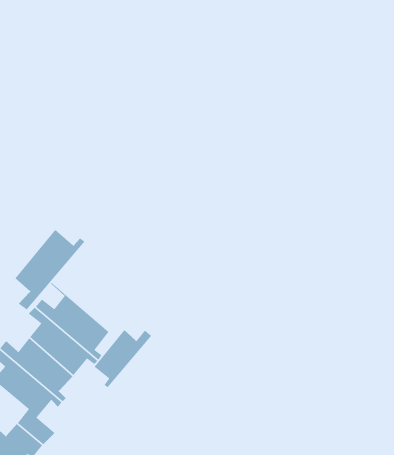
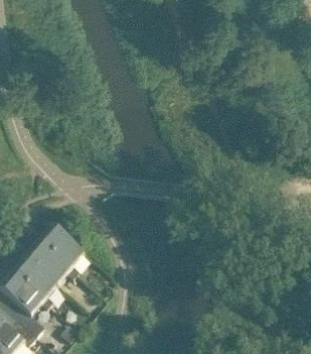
building: [15,229,85,310] -> none
building: [93,329,152,388] -> none

